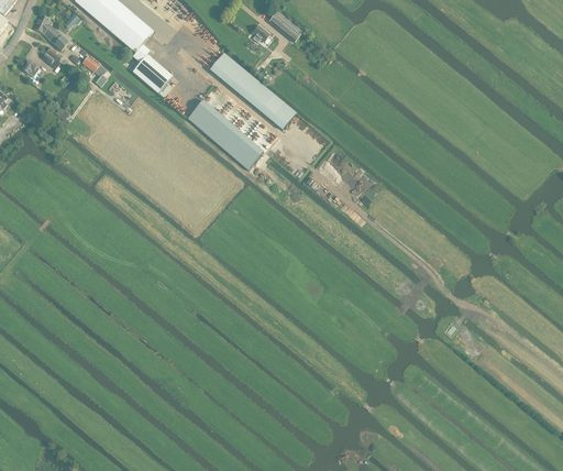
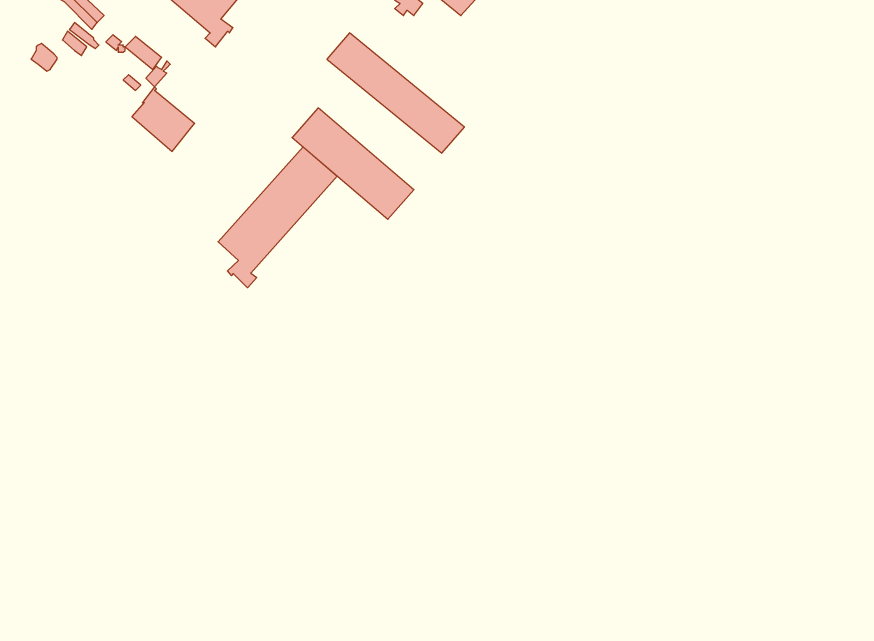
building: [131,51,170,91] -> [132,87,195,151]
building: none -> [218,147,337,288]

